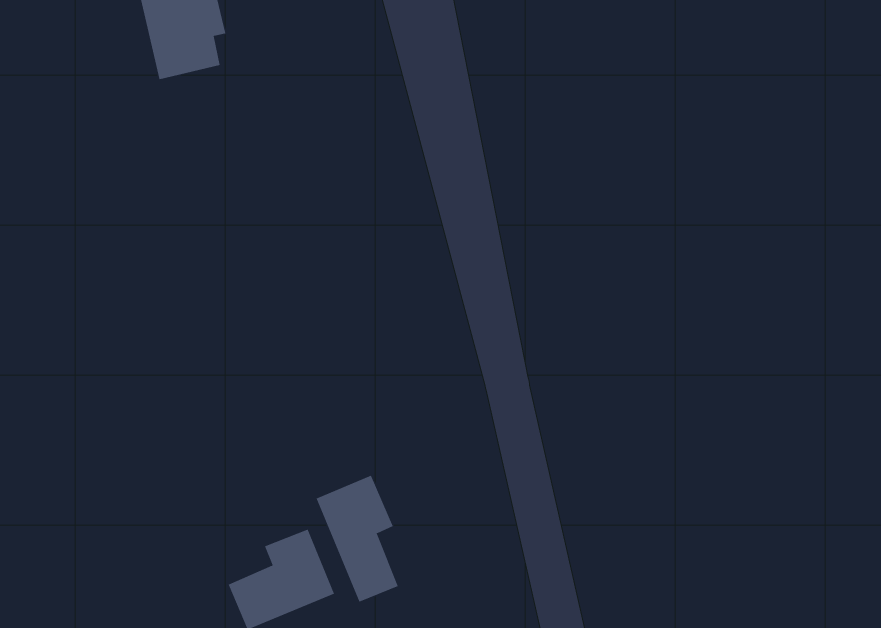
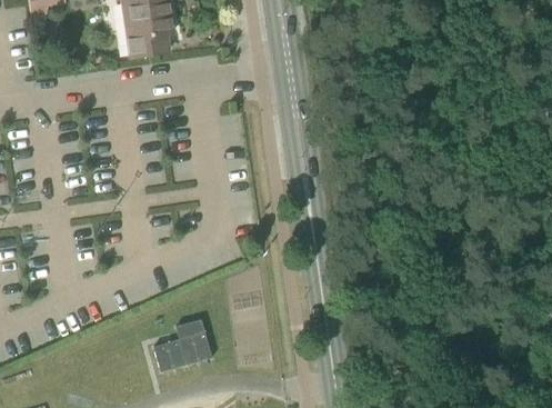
building: [316,475,399,602] -> none

